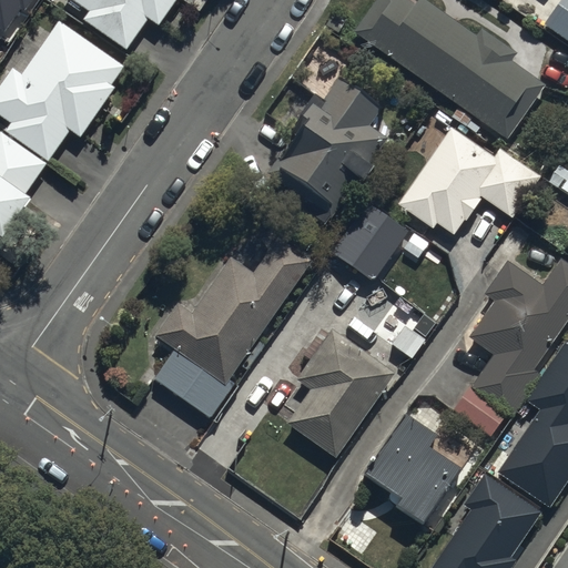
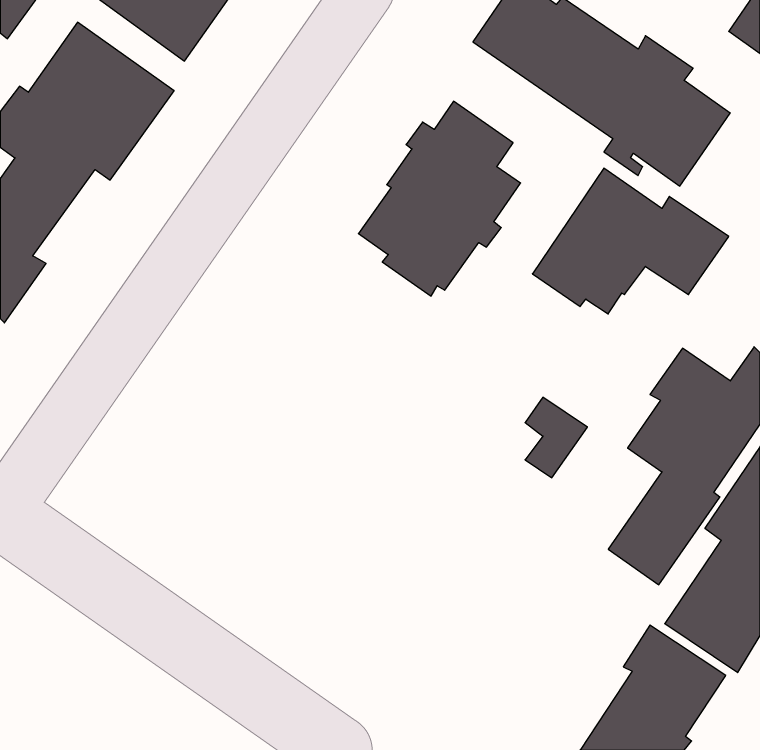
building: [332,202,408,282] -> none
building: [153,237,310,418] -> none
building: [284,325,395,458] -> none
building: [364,414,462,528] -> none

